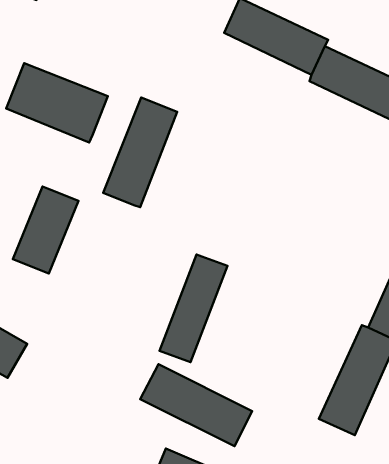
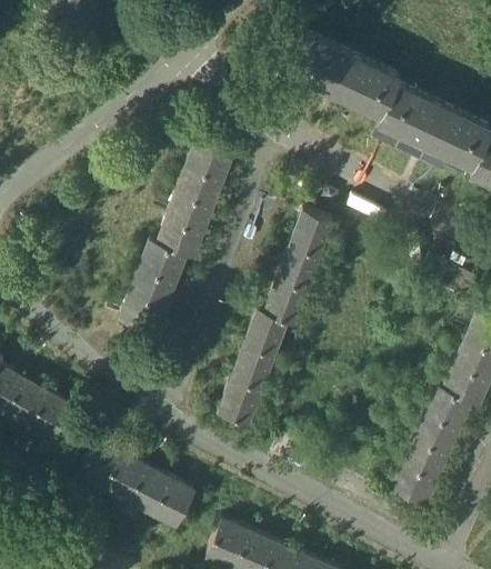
building: [6,63,108,143] -> none
building: none -> [261,212,333,326]
building: [13,186,78,274] -> [117,241,188,336]
building: [140,364,252,446] -> [74,439,196,528]

